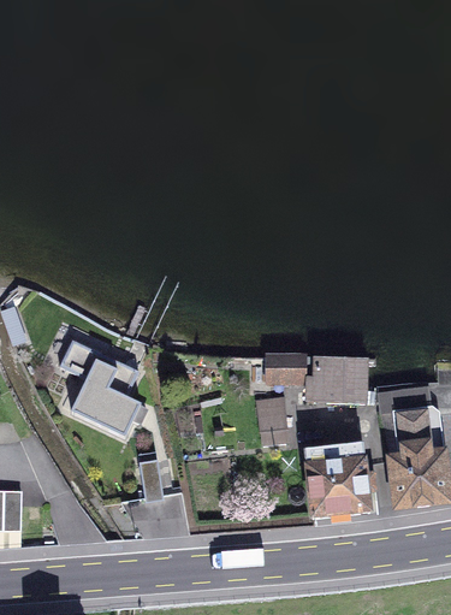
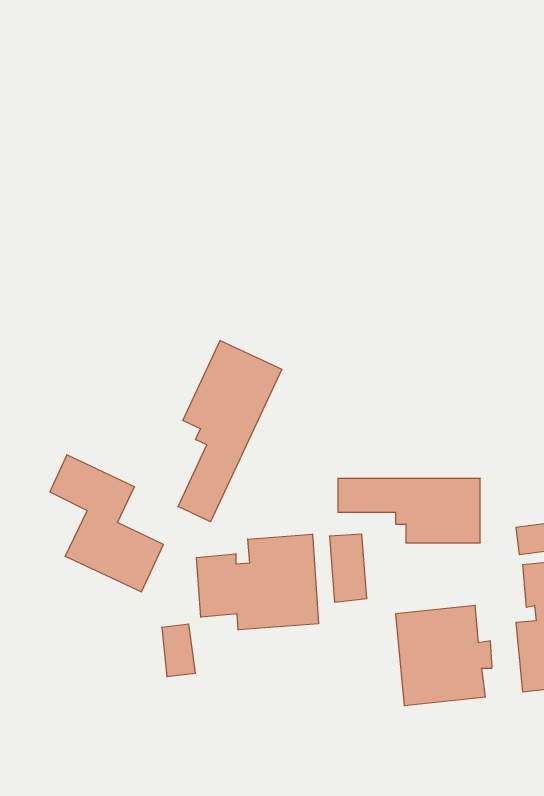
building: none -> [178,341,282,522]
building: none -> [196,534,318,630]

